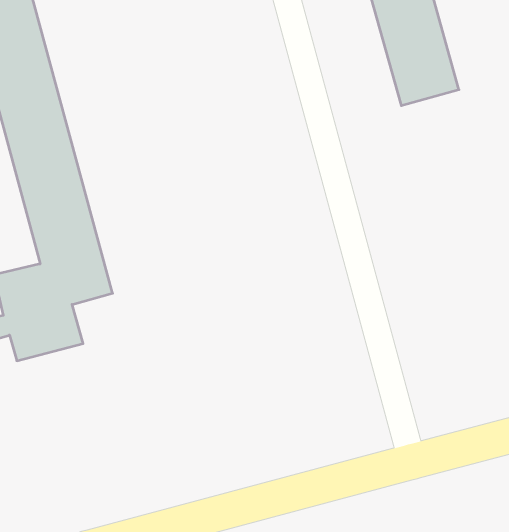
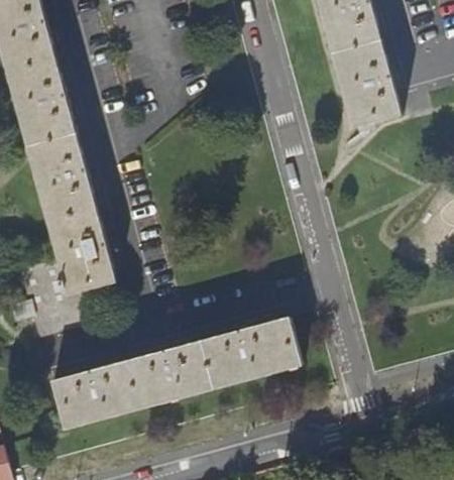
building: none -> [51,316,302,429]

